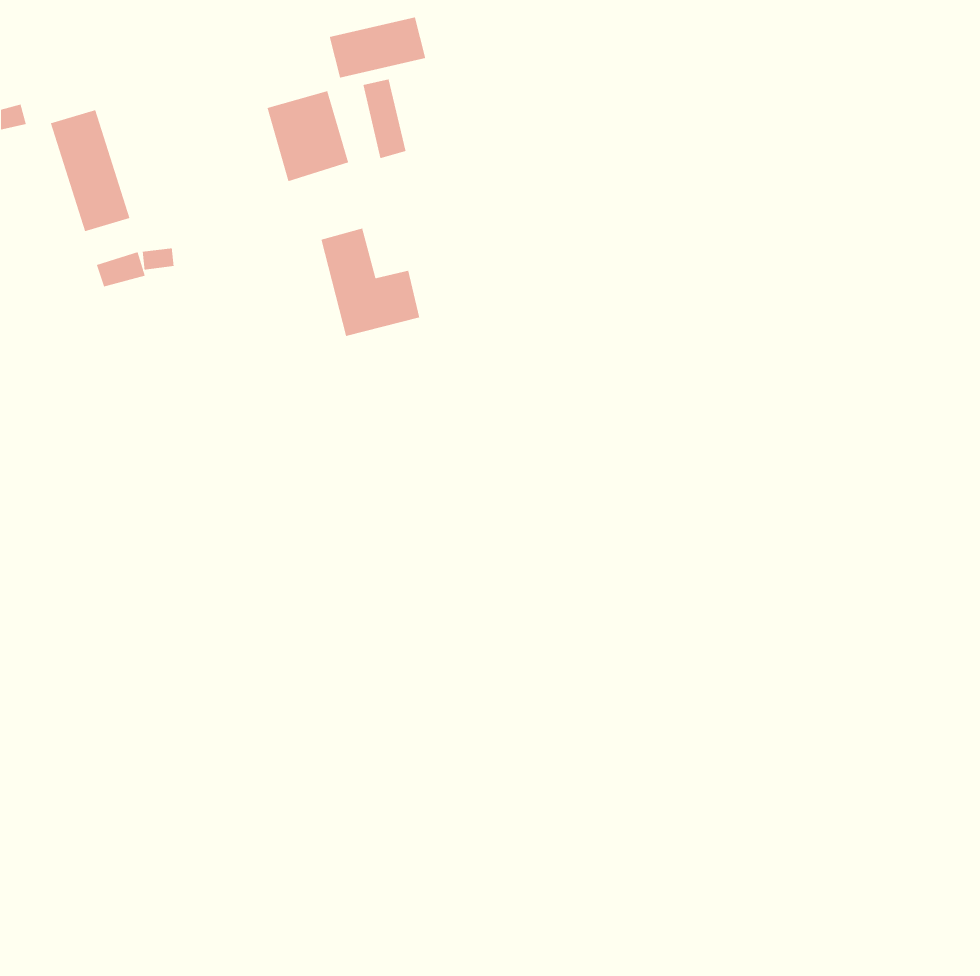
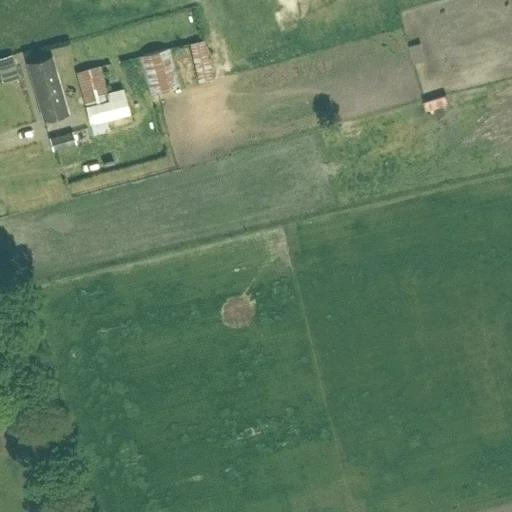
building: [329,16,426,78] -> none
building: [321,228,420,337] -> [78,68,130,125]

